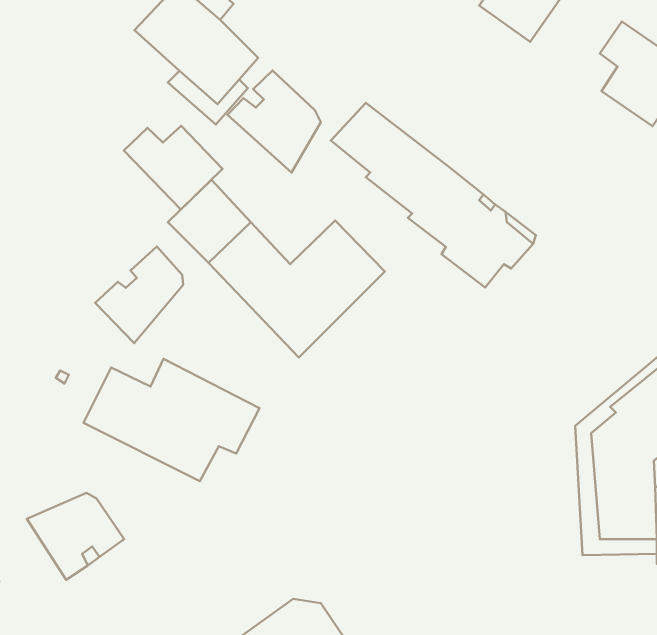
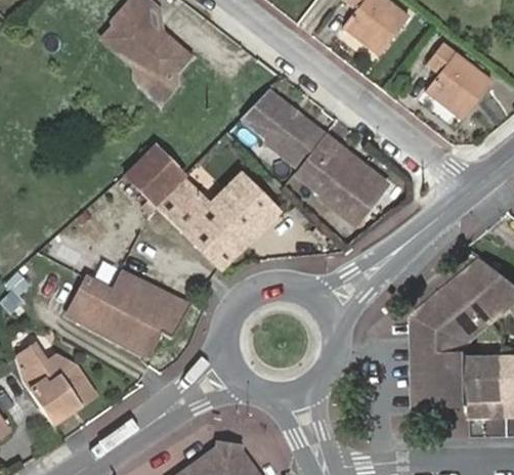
building: [228,70,321,173] -> none
building: [124,126,223,210] -> none
building: [95,247,183,343] -> none
building: none -> [16,347,69,383]

